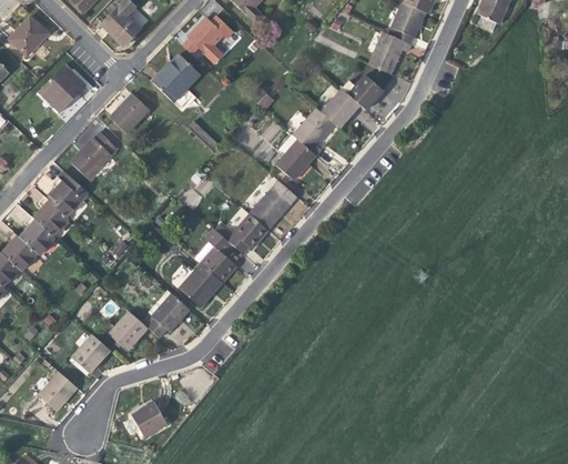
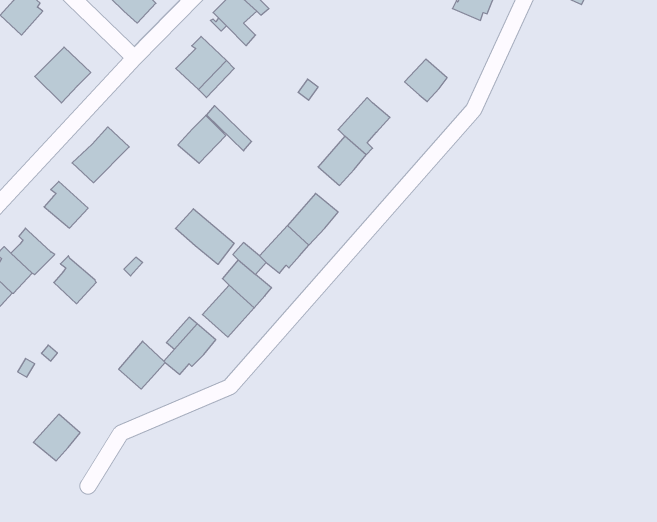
building: [369,31,410,73] -> none
building: [321,88,359,127] -> none
building: [109,92,149,132] -> [178,115,226,163]
building: [33,195,69,235] -> [54,256,96,304]
building: none -> [175,209,234,264]
building: [71,333,110,372] -> none
building: [132,401,168,436] -> none

